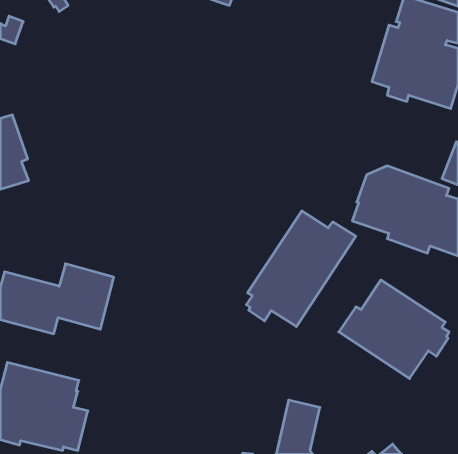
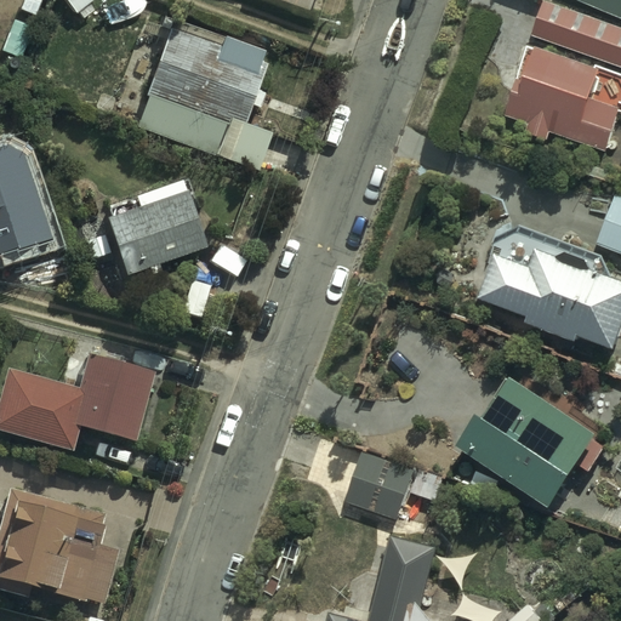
building: none -> [136,17,270,161]
building: none -> [102,178,204,274]
building: [246,211,356,327] -> none
building: none -> [344,448,412,515]

